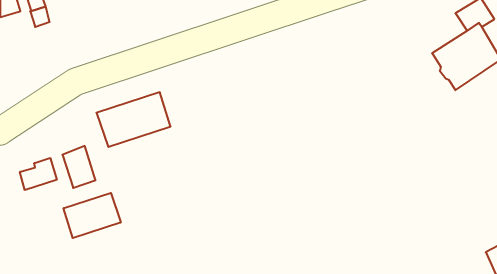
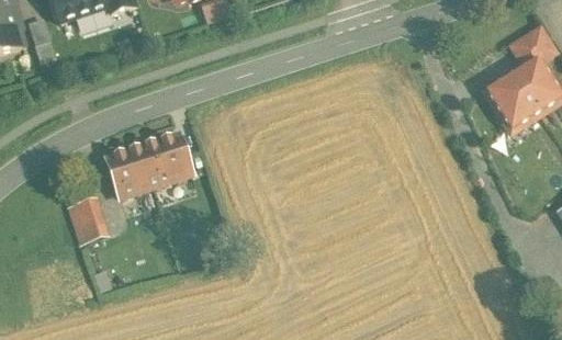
building: [20,158,57,190] -> none
building: [64,193,121,238] -> none

